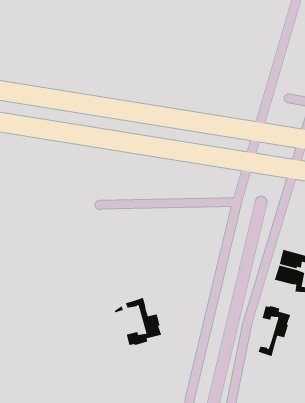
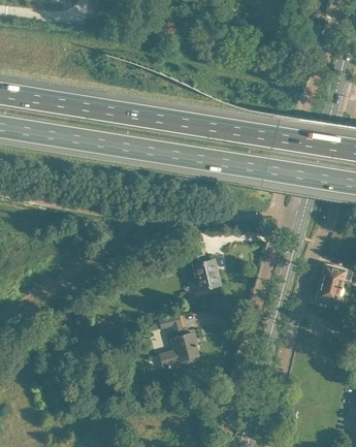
building: none -> [189,238,220,290]
building: [258,305,291,357] -> none

